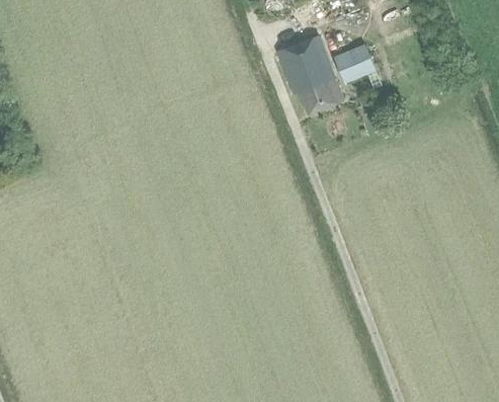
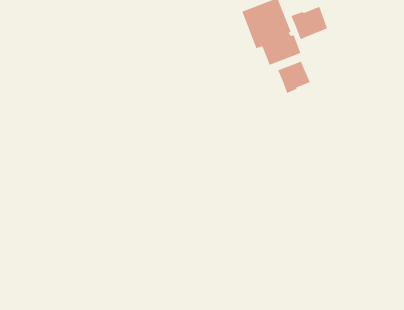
building: none -> [277,61,311,94]

